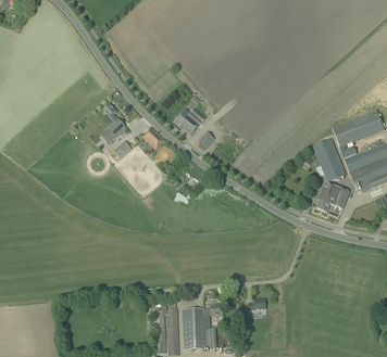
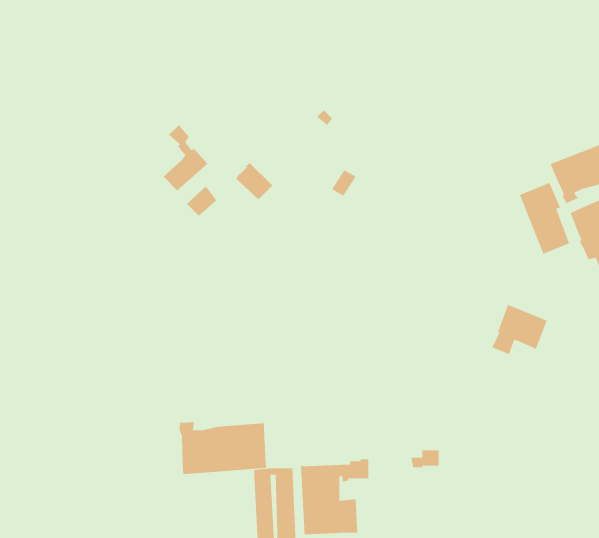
building: [173,107,204,135] -> none
building: [315,181,349,212] -> [491,304,547,355]
building: none -> [179,422,266,475]

